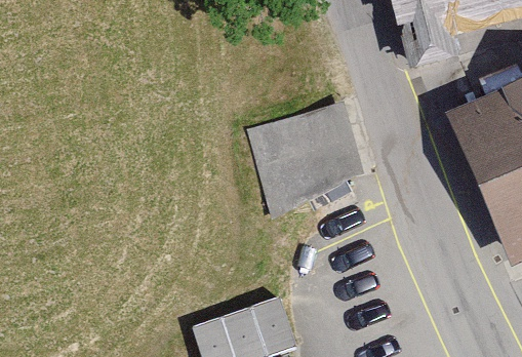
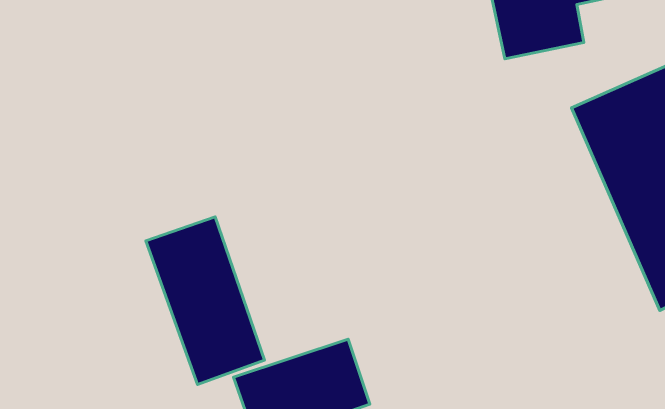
building: [248,105,360,207] -> none
building: none -> [146,217,265,384]

